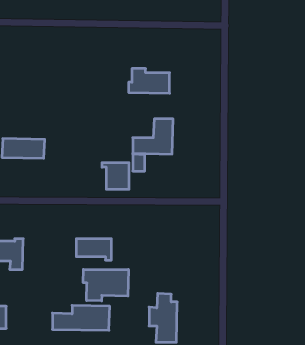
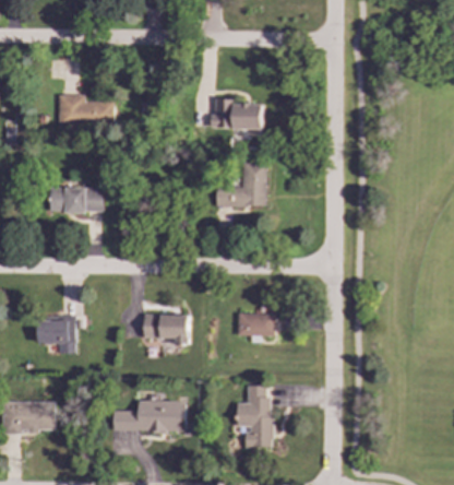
building: none -> [58,94,115,127]
building: [102,163,129,189] -> none
building: none -> [237,312,275,335]
building: [83,269,128,301] -> none

